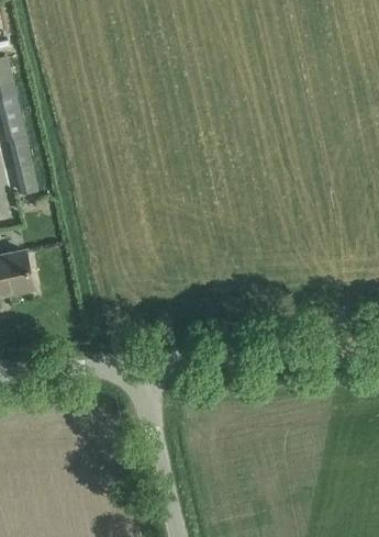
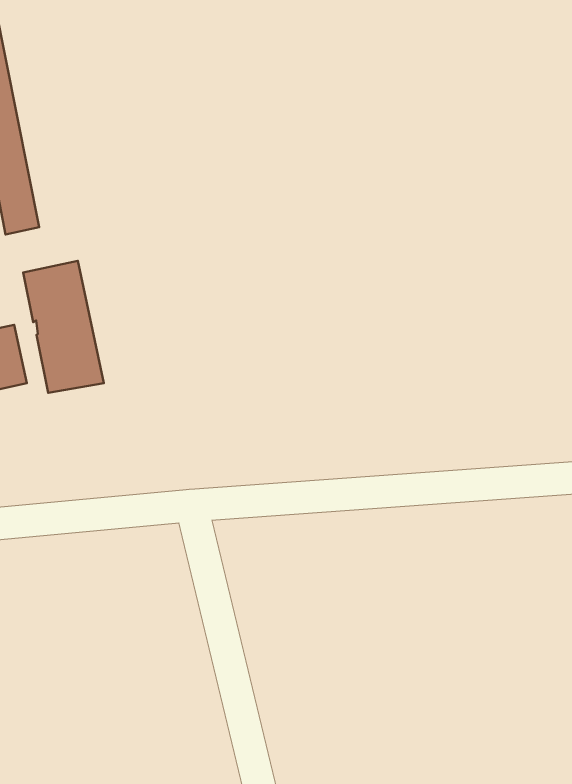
building: none -> [23,261,104,393]

